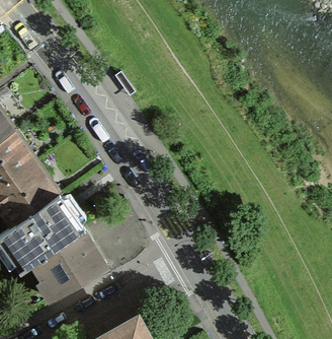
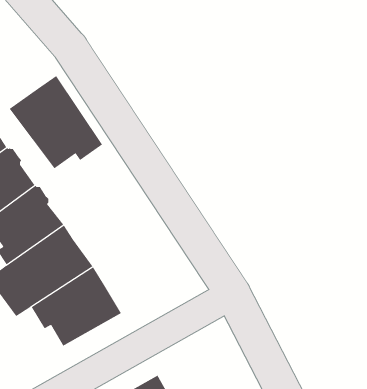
building: none -> [9,75,103,169]

